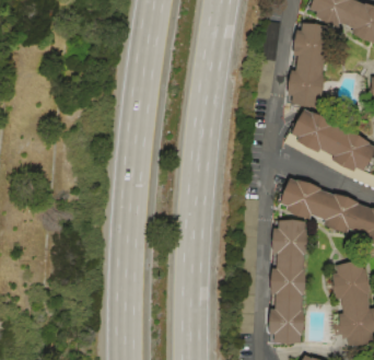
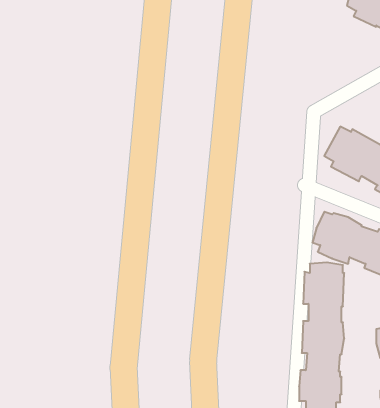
building: [288,23,330,108] -> none

